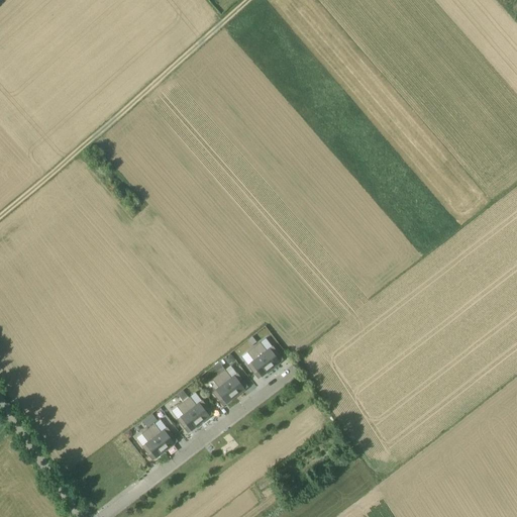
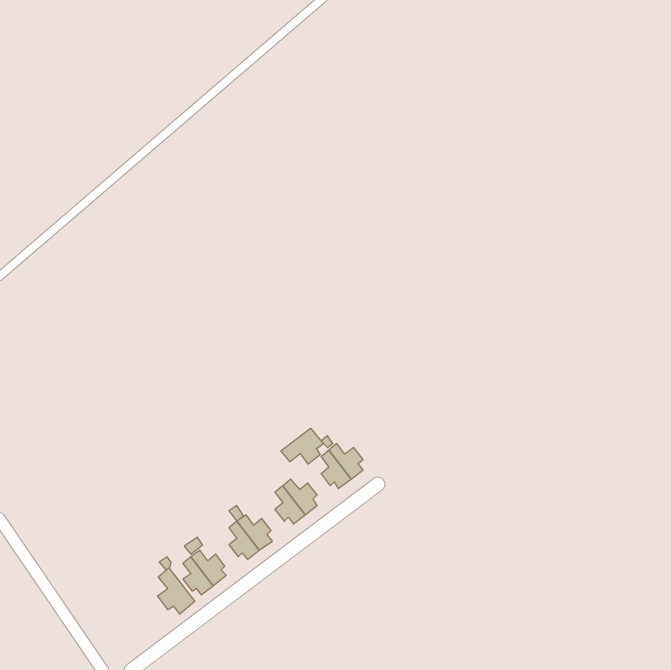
building: none -> [281,428,323,464]
building: none -> [158,568,195,614]

